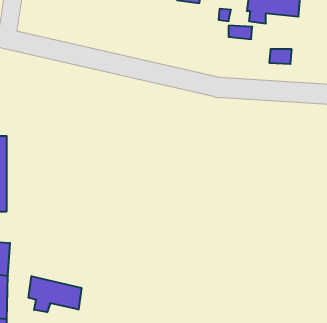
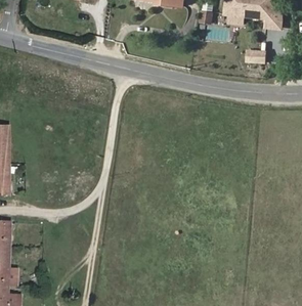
building: [29,276,81,312] -> none

